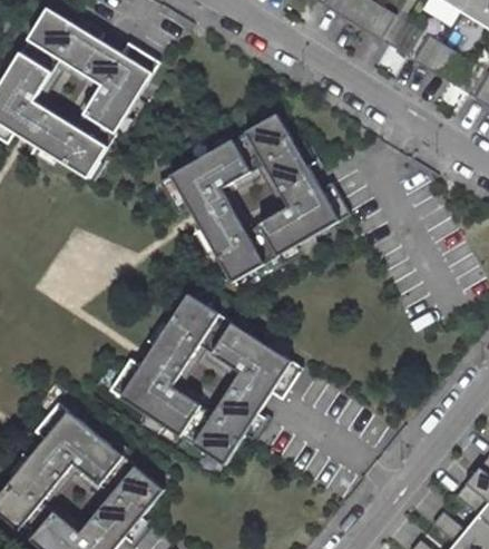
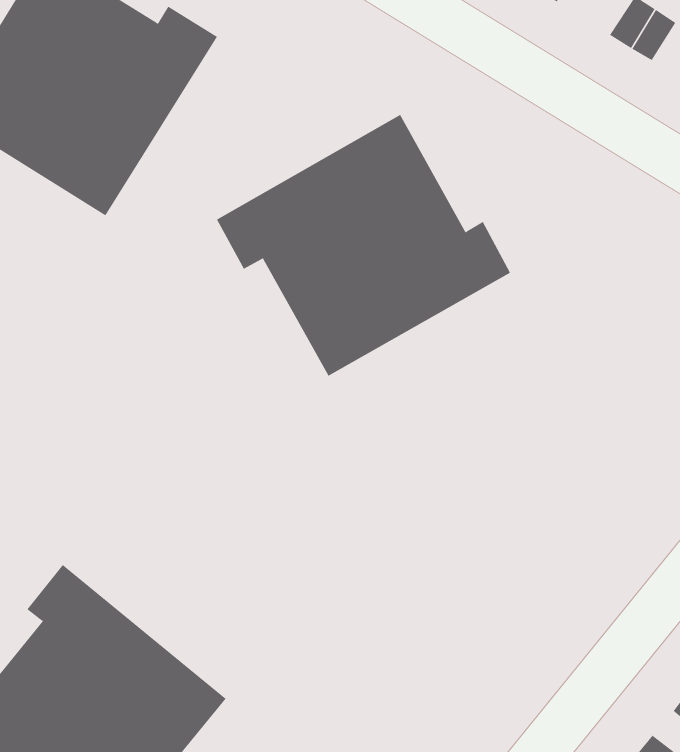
building: [109,292,302,464] -> none

